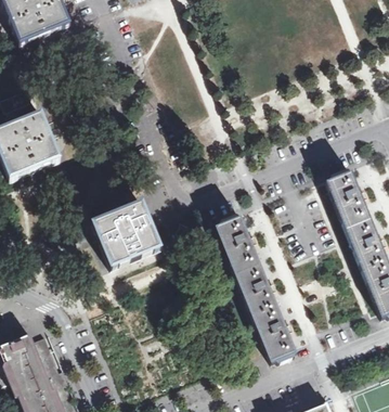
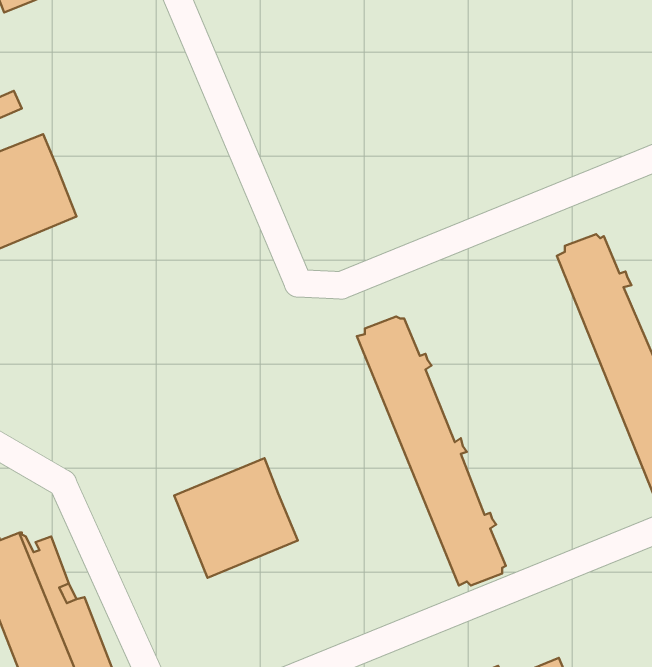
building: [92,203,160,269] -> [174,458,298,578]

